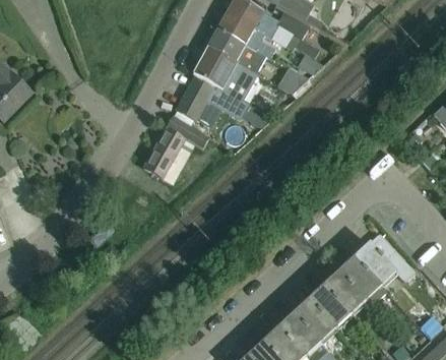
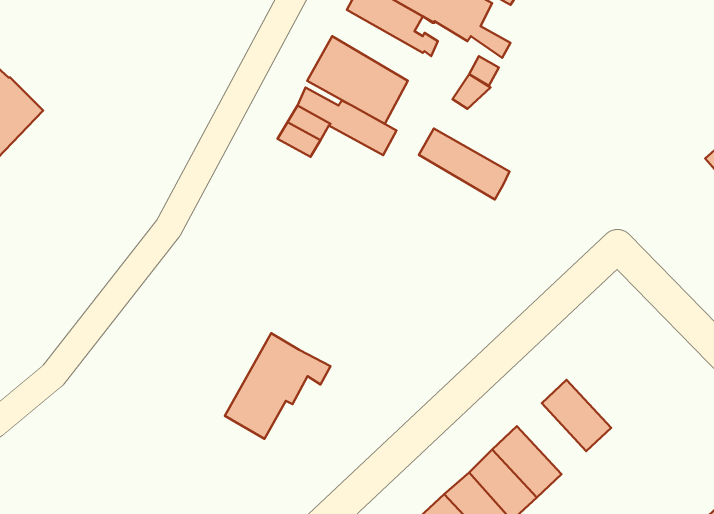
building: [208,28,264,72] -> [419,128,510,200]
building: [143,115,208,180] -> [225,333,331,439]
building: [353,233,413,286] -> none
building: [322,271,365,314] -> none

